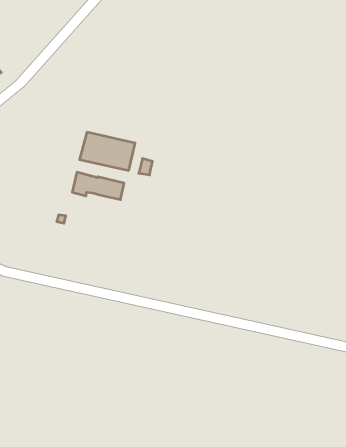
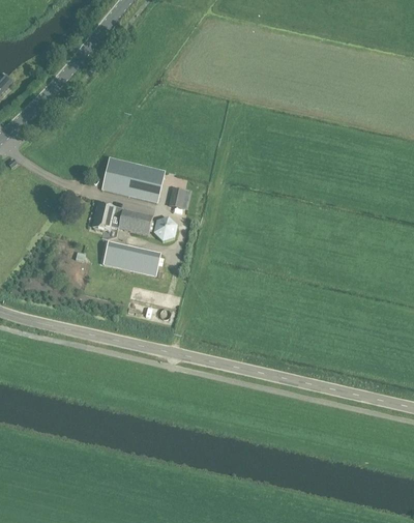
building: none -> [152,216,177,241]
building: none -> [102,242,159,274]

